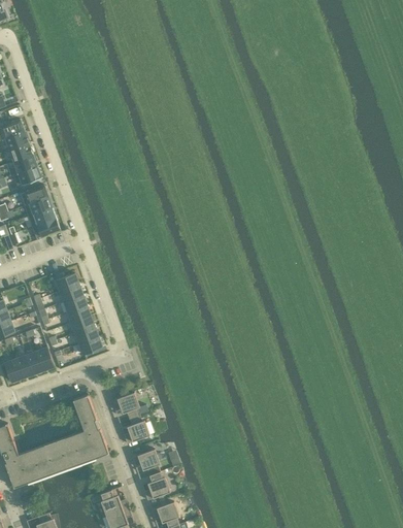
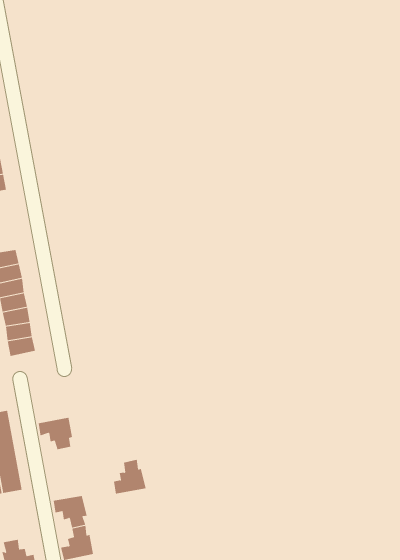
building: [124,415,149,443] -> [113,459,147,494]

